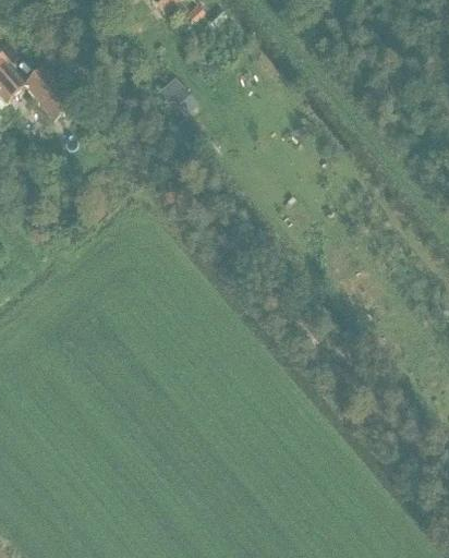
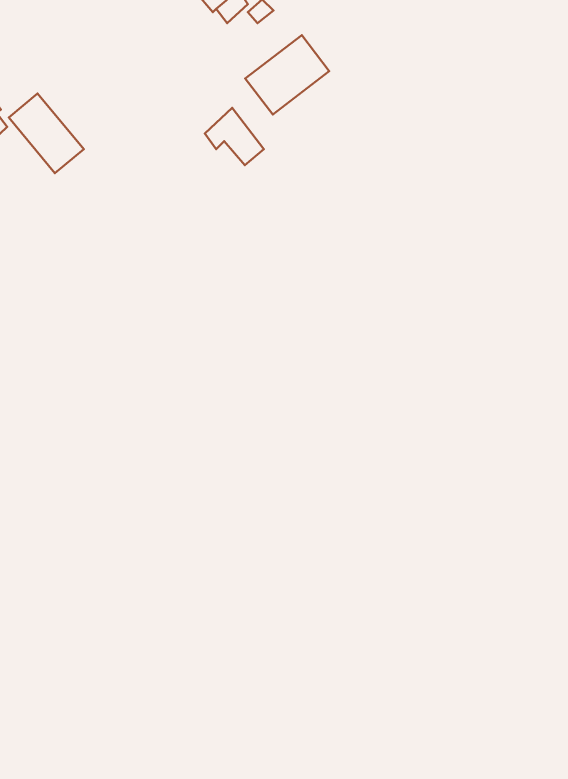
building: none -> [245,35,329,114]

